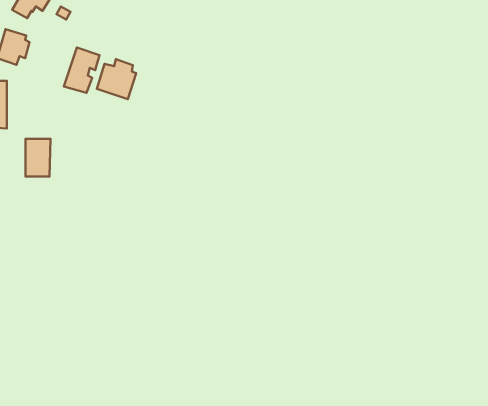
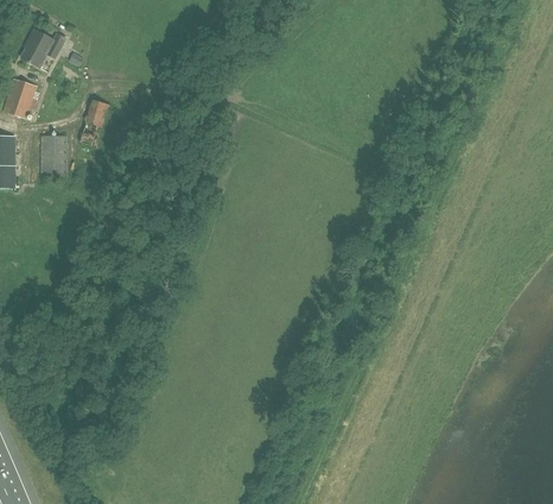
building: [97,59,136,99] -> none
building: [26,139,50,176] -> [40,136,68,177]

